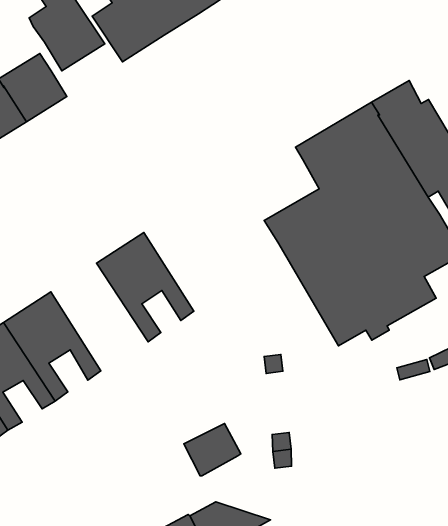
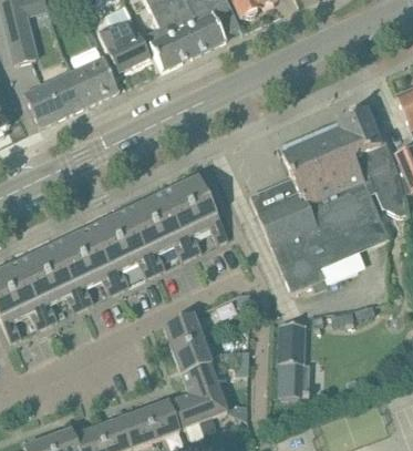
building: none -> [162,176,227,254]
building: none -> [90,211,155,288]
building: none -> [279,322,309,396]
building: none -> [163,312,214,348]
building: none -> [182,361,227,410]

